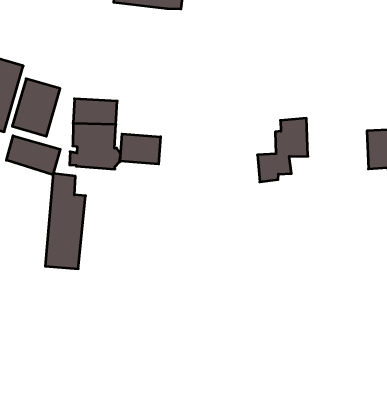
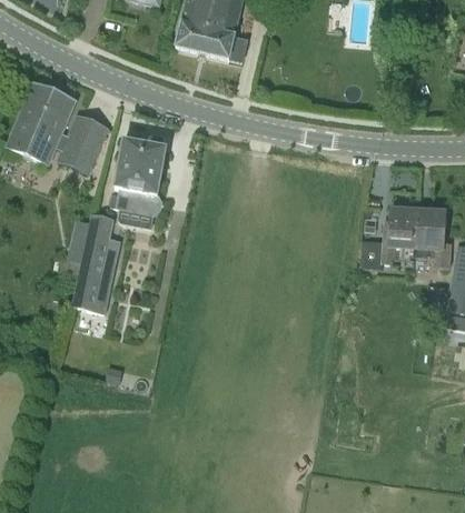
building: [257,118,308,182] -> [360,208,416,268]
building: [120,134,161,164] -> none
building: [6,136,60,175] -> none

